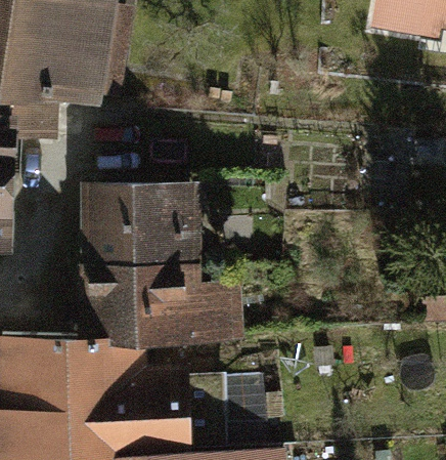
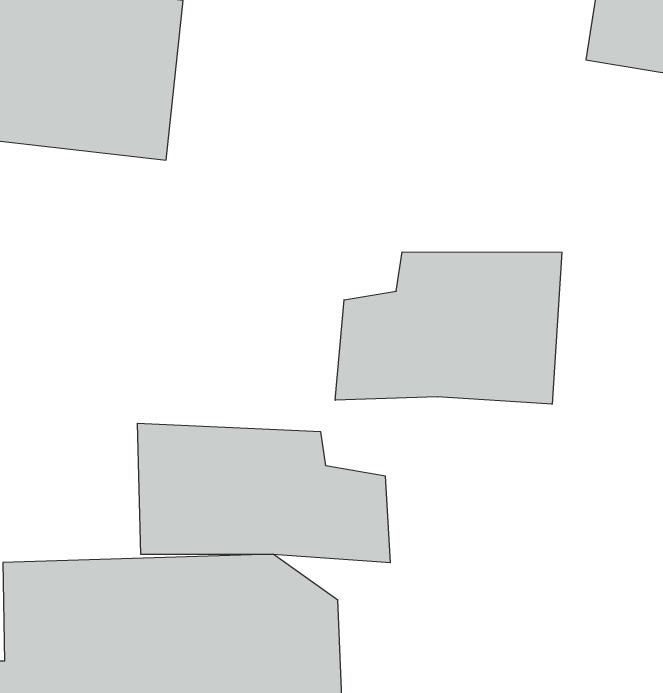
building: none -> [335,252,562,404]
building: [91,180,203,263] -> none

